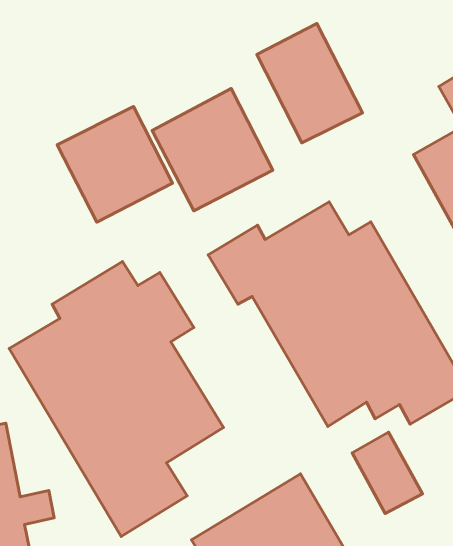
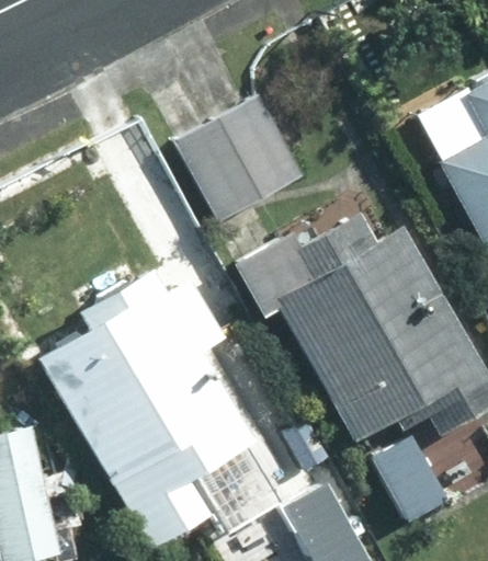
building: [257,24,363,143] -> none
building: [57,106,172,222] -> none

